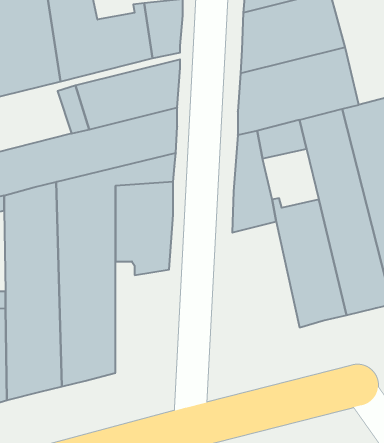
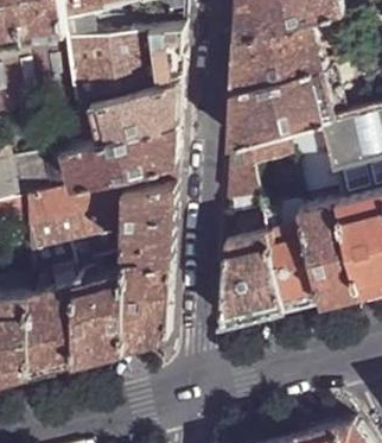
building: none -> [219,222,282,329]
building: none -> [123,264,170,353]

